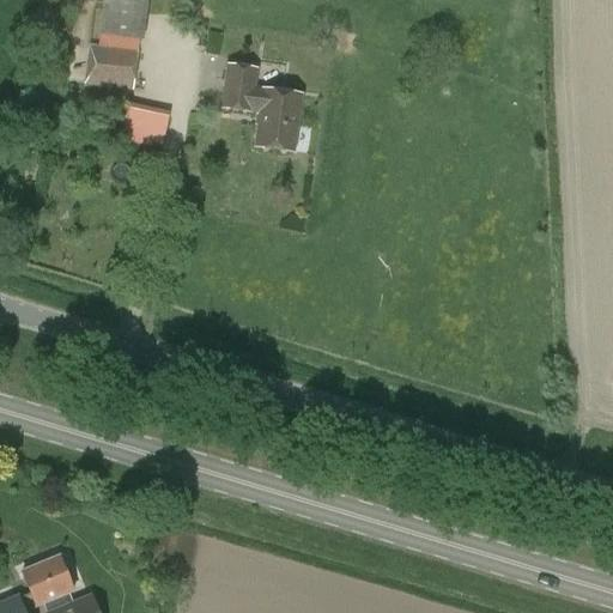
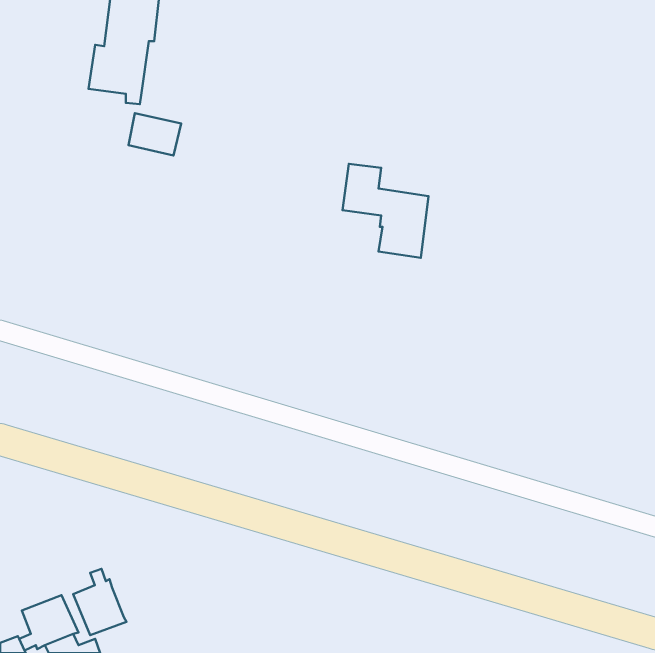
building: [221,63,302,151] -> [343,164,429,258]
building: none -> [73,569,127,635]

